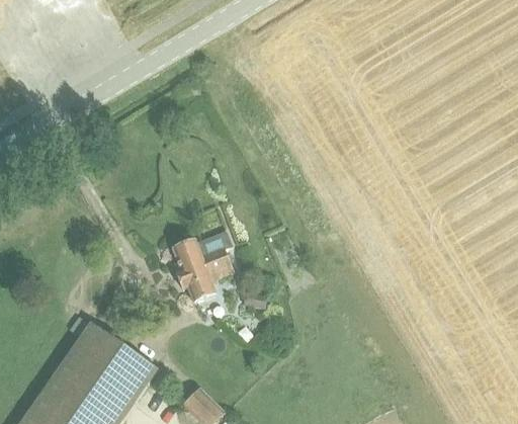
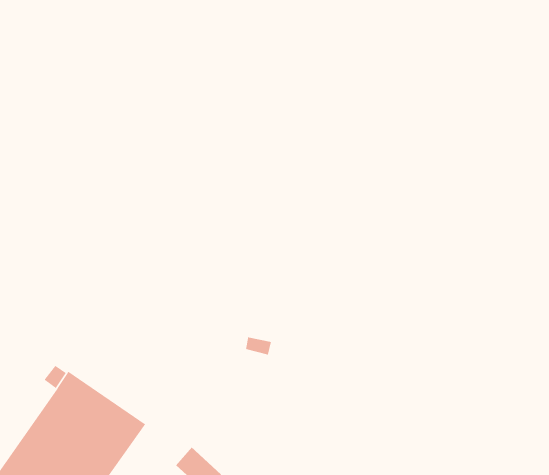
building: [171,233,232,303] -> none

